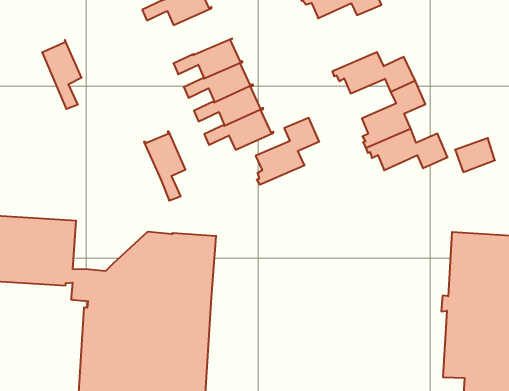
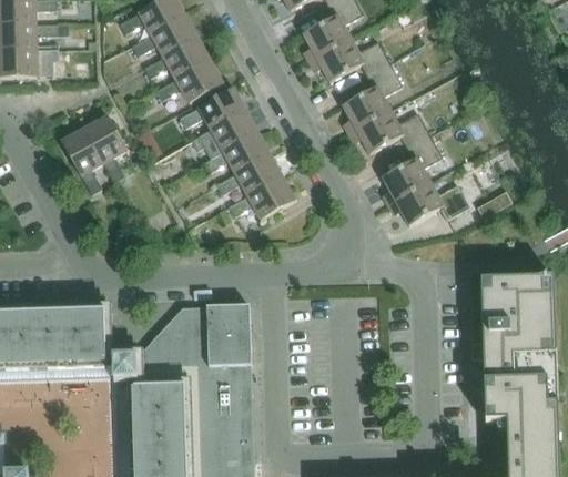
building: none -> [180,88,247,130]
building: [256,118,319,185] -> [342,63,403,133]
building: [144,132,186,201] -> [83,114,126,182]

